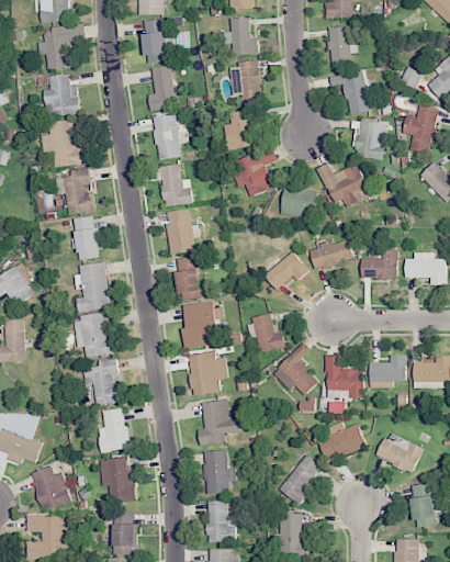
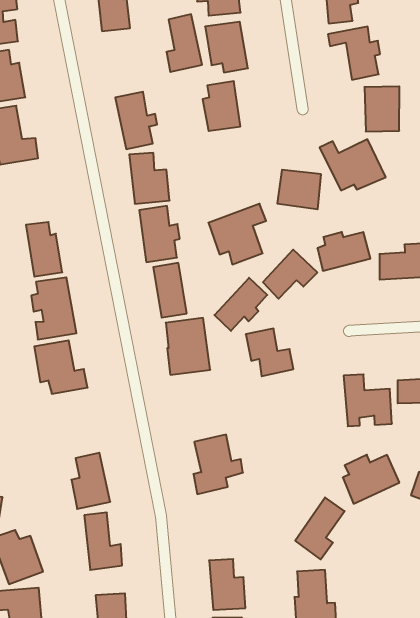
building: [148,65,177,111] -> [166,14,202,72]
building: [230,147,278,195] -> [208,204,266,264]
building: [63,167,94,215] -> none
building: none -> [214,278,267,331]
building: [273,342,319,395] -> none
building: [189,351,227,395] -> none
building: [83,357,122,405] -> none
building: [202,449,235,494] -> none

